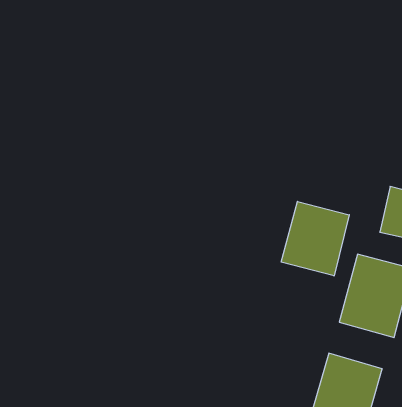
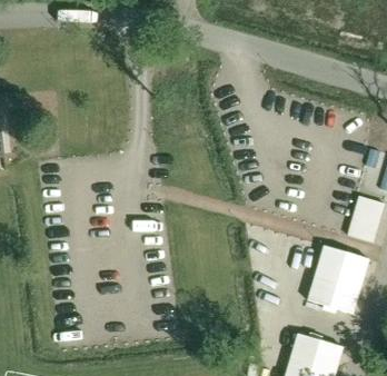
building: [281,201,349,276] -> none

